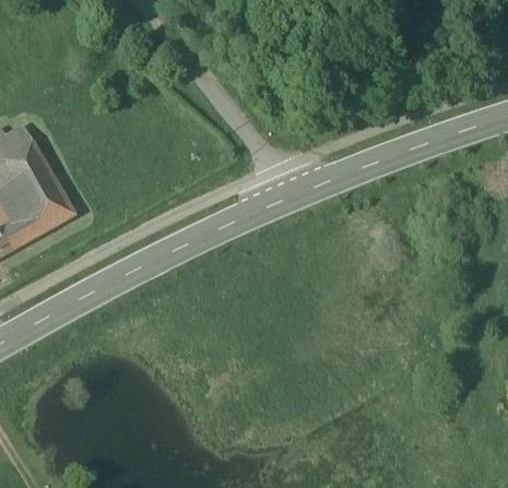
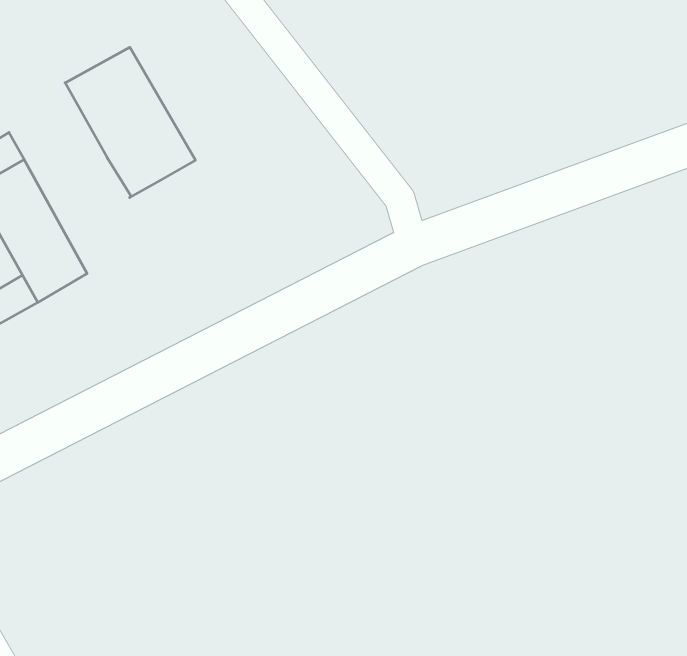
building: none -> [65,47,195,198]

